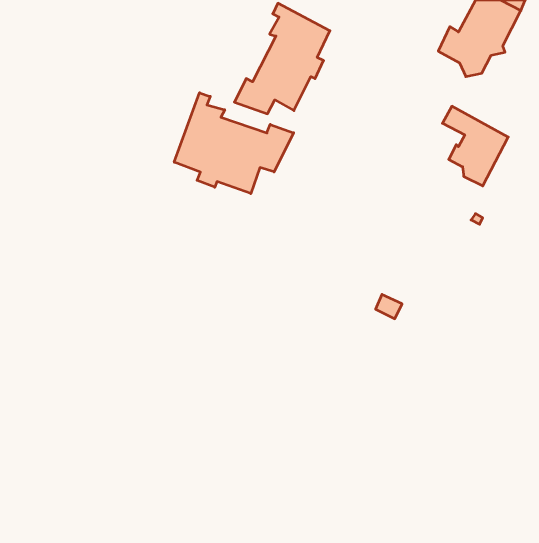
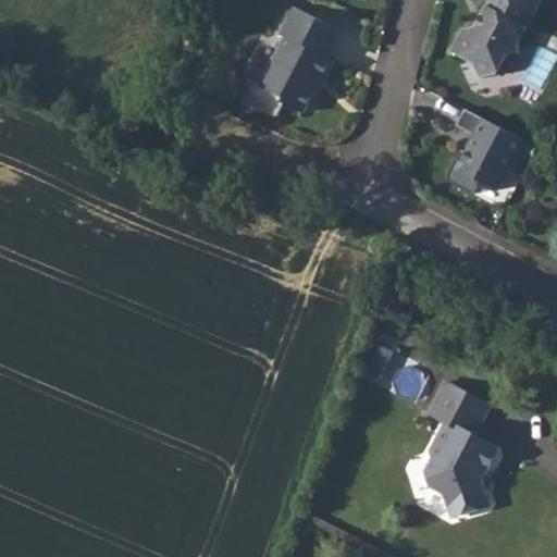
building: [174,93,294,194] -> none
building: none -> [424,382,497,517]

